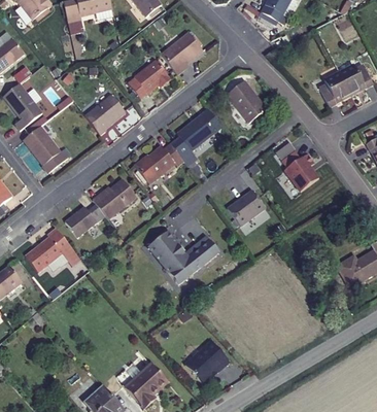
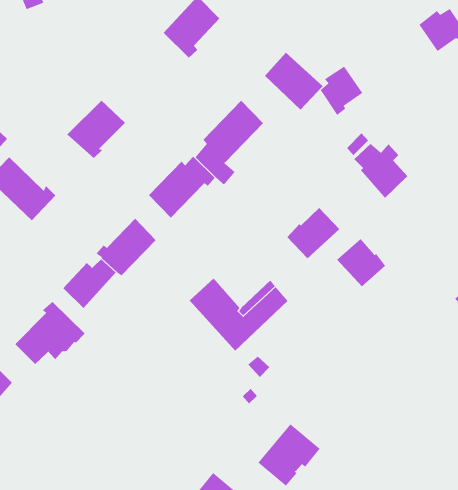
building: [127,60,170,98] -> none
building: [319,74,349,108] -> [320,66,363,116]
building: none -> [336,238,386,287]

